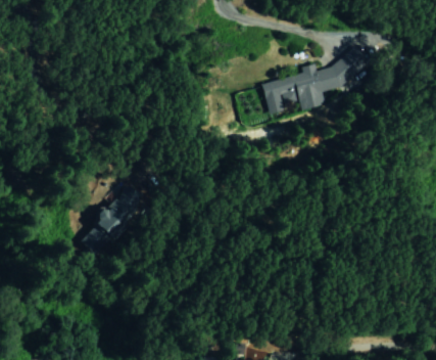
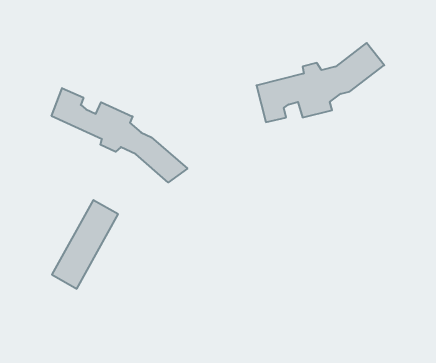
building: none -> [52,88,187,182]

